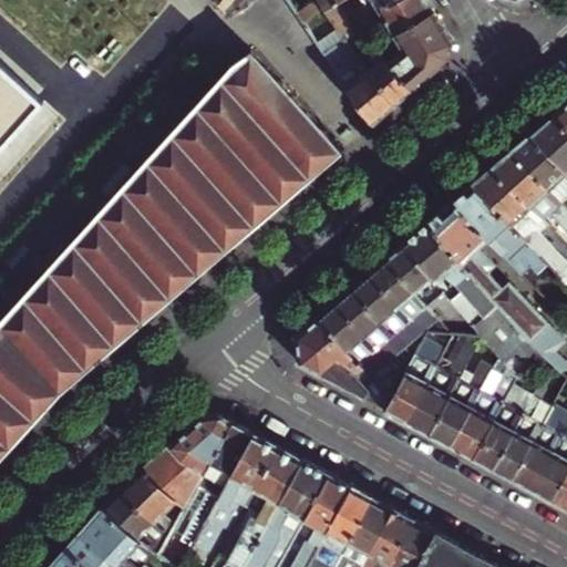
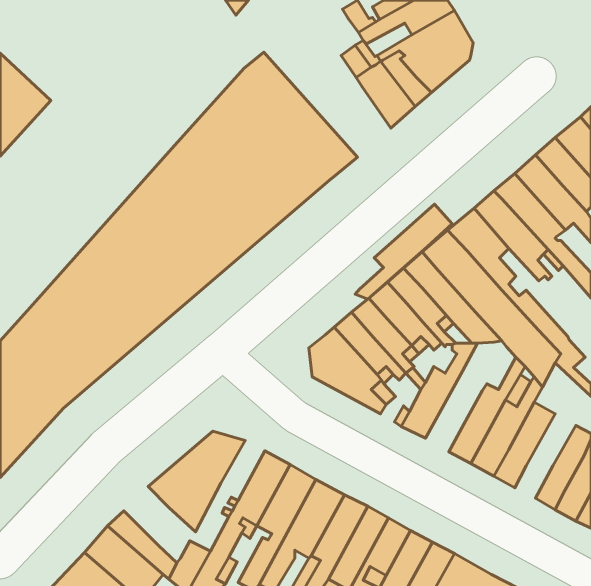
building: none -> [355,204,452,299]
building: [408,331,485,437] -> none
building: [493,401,551,482] -> none
building: [212,426,254,477] -> none
building: [118,471,187,544] -> none

